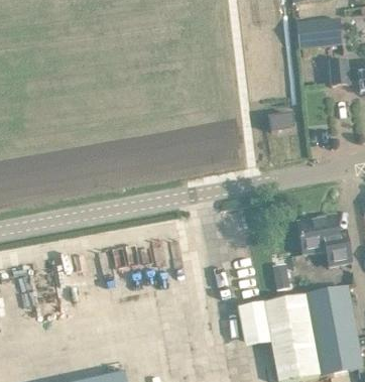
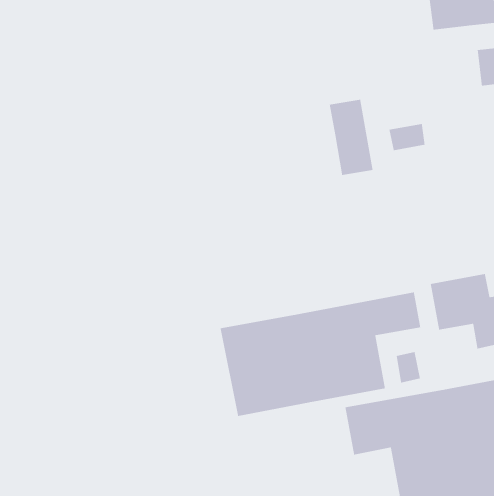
building: none -> [329,99,373,176]
building: none -> [219,291,421,417]

